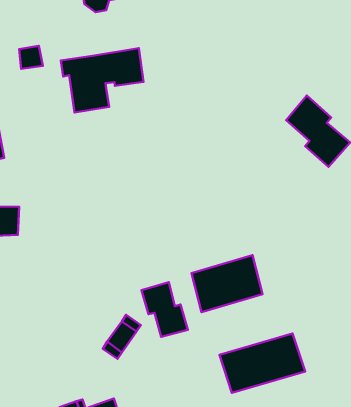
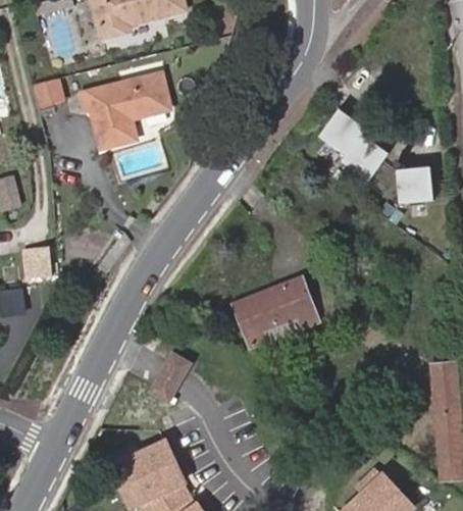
building: [142,282,188,337] -> none
building: [219,334,305,393] -> none

